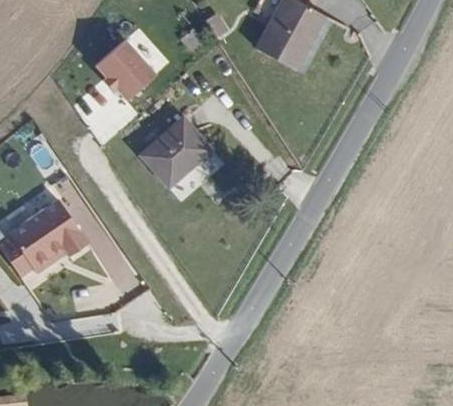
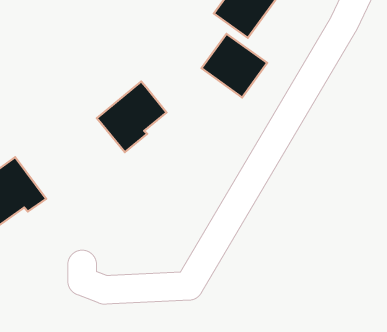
building: [90,36,151,97] -> none
building: none -> [202,34,267,97]

